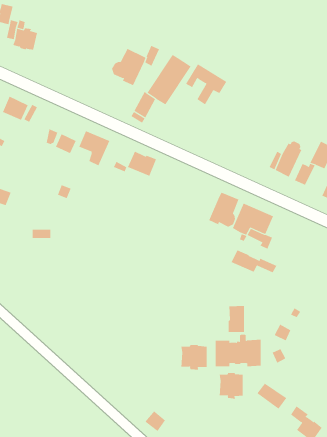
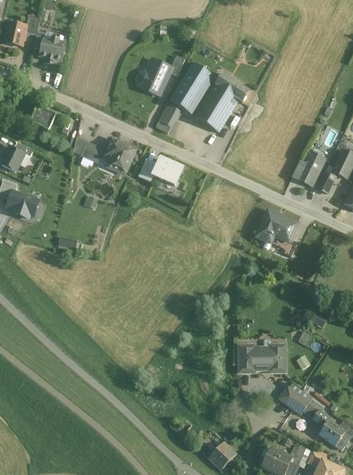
building: none -> [195,88,230,132]
building: [208,191,239,228] -> none
building: [231,250,277,273] -> none
building: [228,305,244,333] -> none
building: [181,344,207,370] -> none
building: [219,372,243,399] -> none

